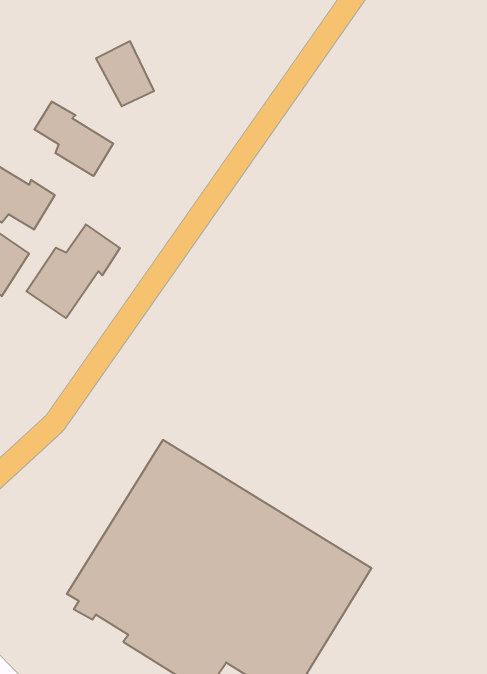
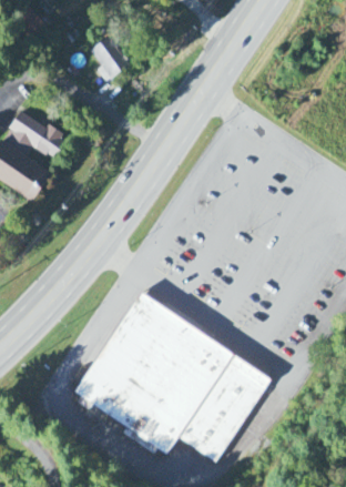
building: [34,101,113,176] -> none
building: [26,224,120,318] -> none

